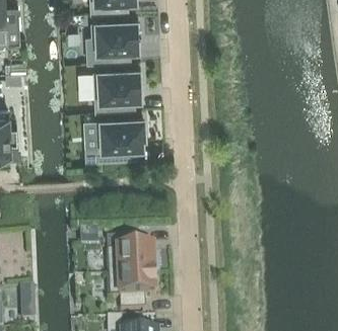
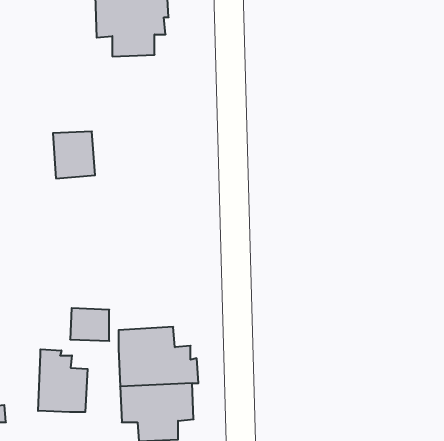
building: [93,70,141,112] -> none
building: [96,118,143,161] -> none
building: none -> [38,349,88,412]

